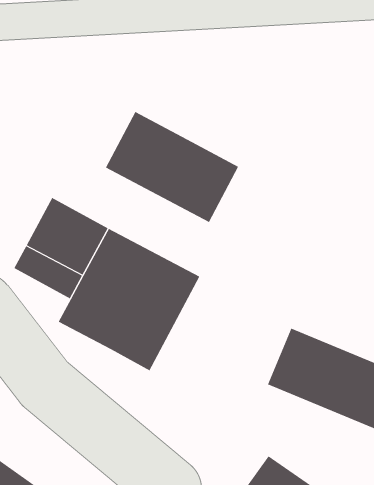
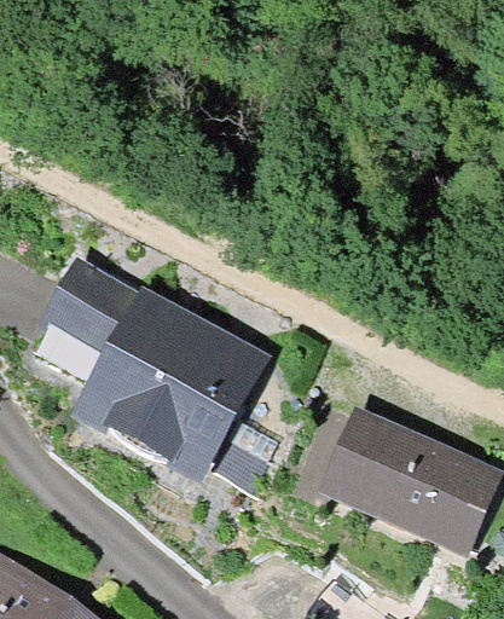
building: [105,111,239,223] -> none

